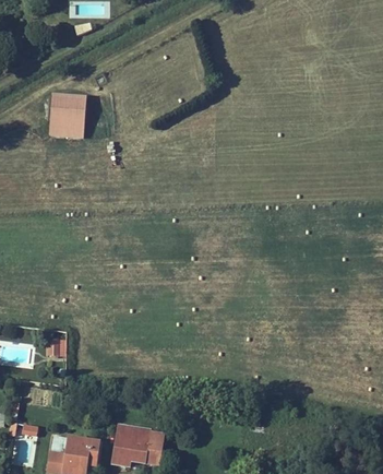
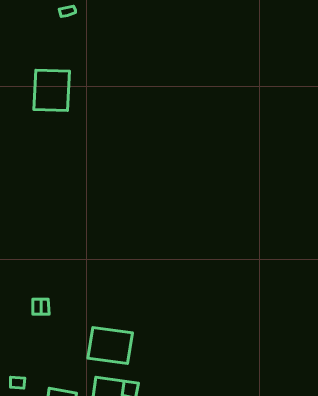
building: none -> [88,327,132,364]

